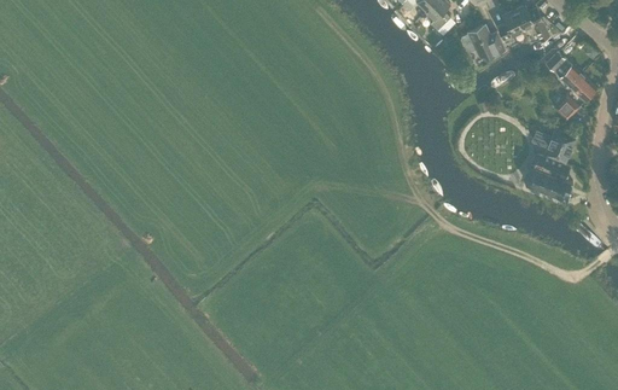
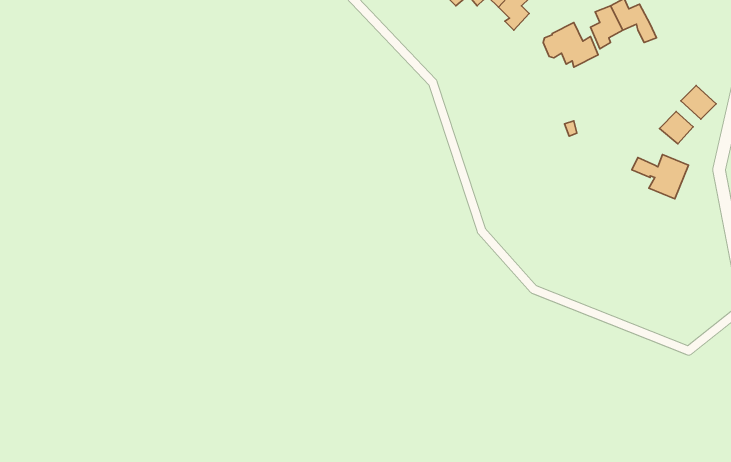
building: [546,52,581,86] -> none
building: [523,153,572,199] -> none

